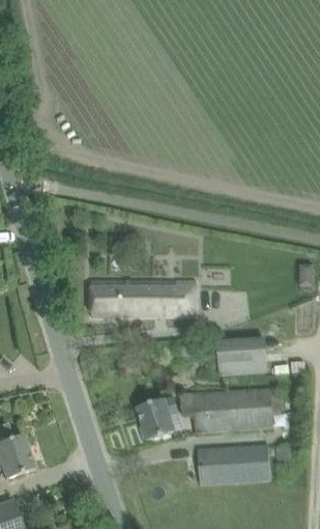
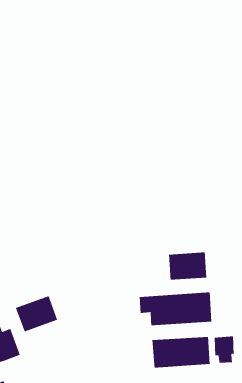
building: [91,279,196,316] -> none
building: none -> [15,295,58,332]
building: [137,396,178,440] -> none

